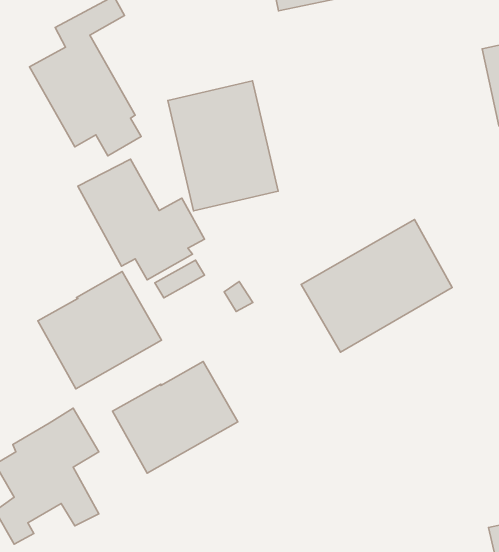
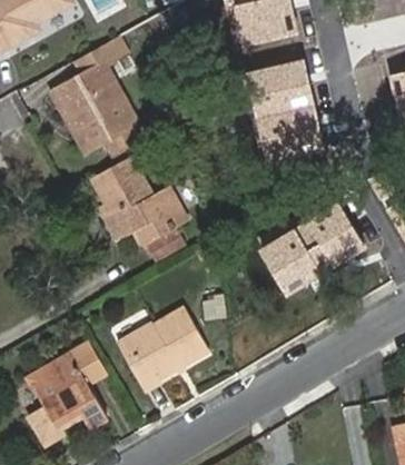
building: [168,81,278,211] -> [241,59,323,155]
building: [38,271,161,389] -> none

